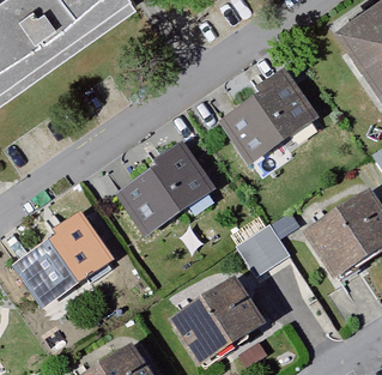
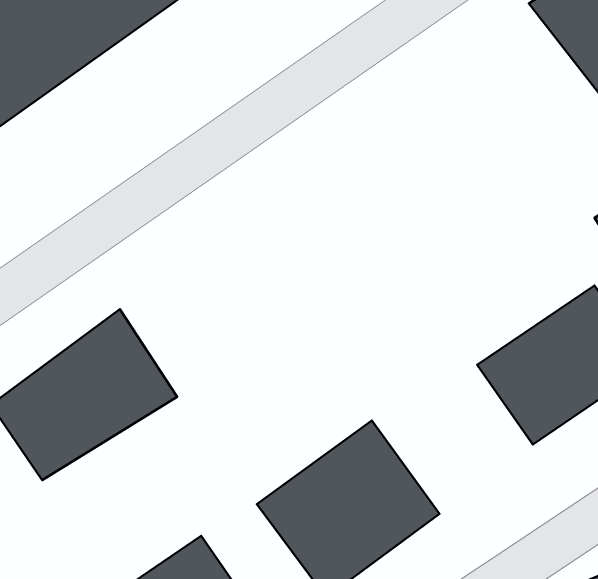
building: [212,68,317,168] -> none
building: [110,143,212,236] -> none
building: [236,222,292,276] -> none

